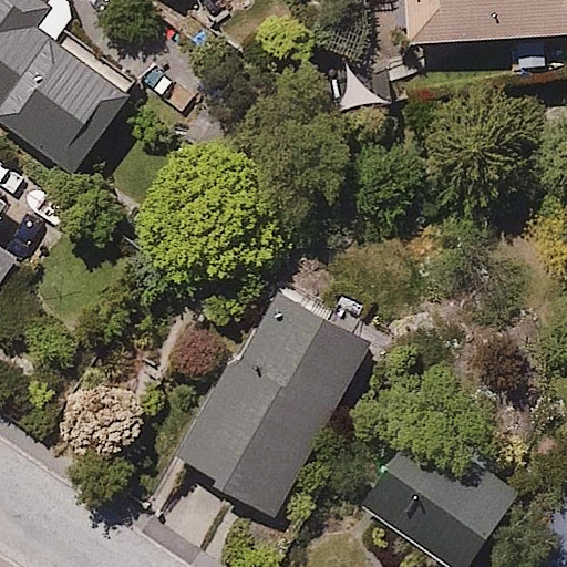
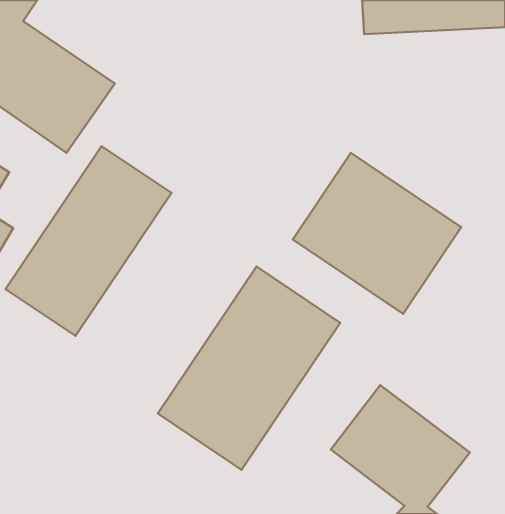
building: none -> [6,146,171,336]
building: none -> [293,153,461,314]

